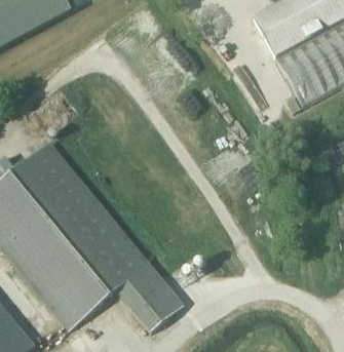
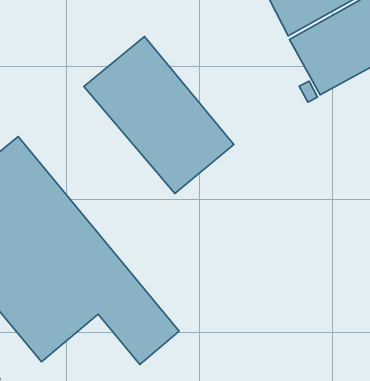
building: none -> [84,36,234,194]

